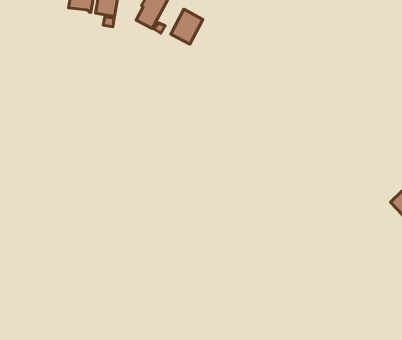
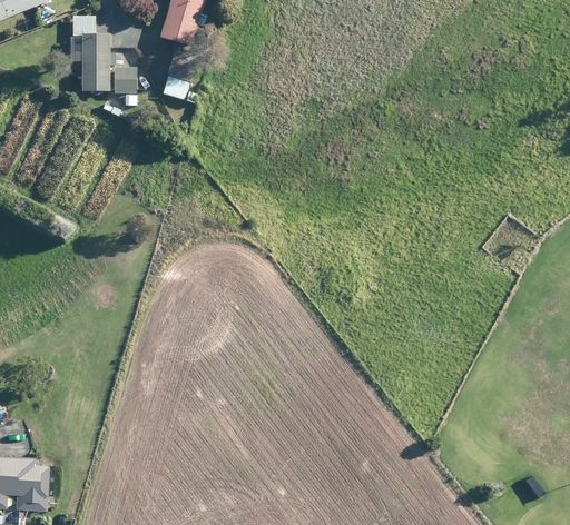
building: [171,9,203,44] -> none

